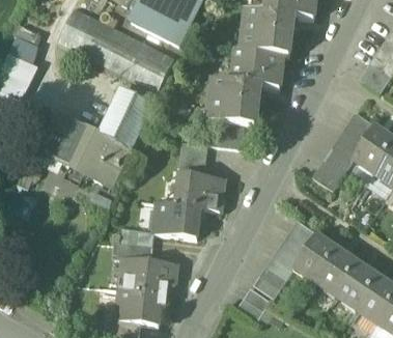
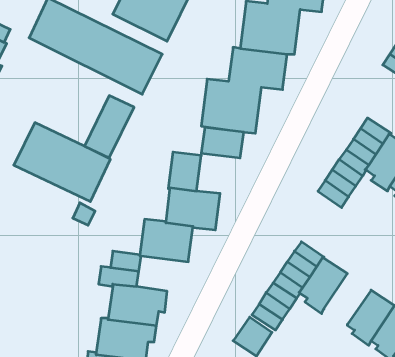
building: [316,249,358,298] -> none

